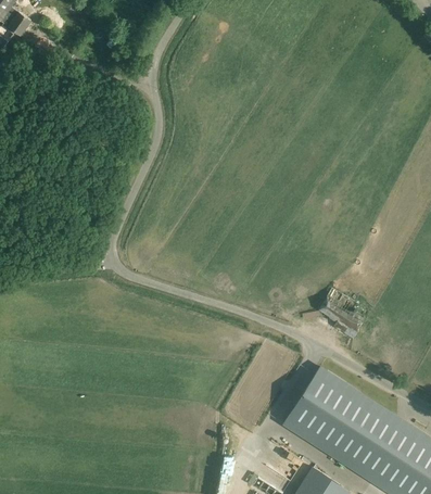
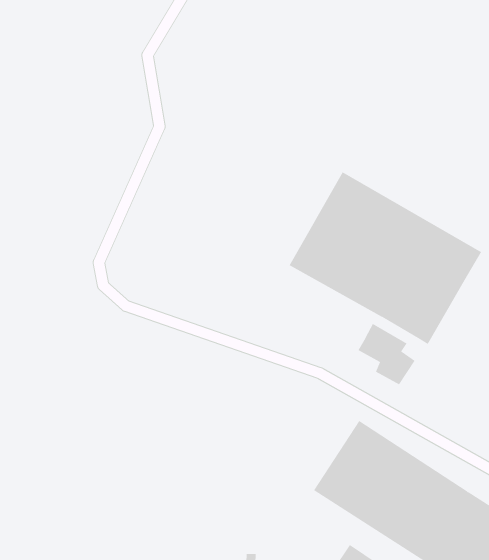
building: none -> [289,172,482,345]

